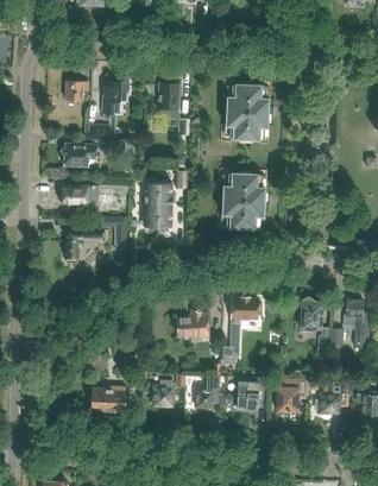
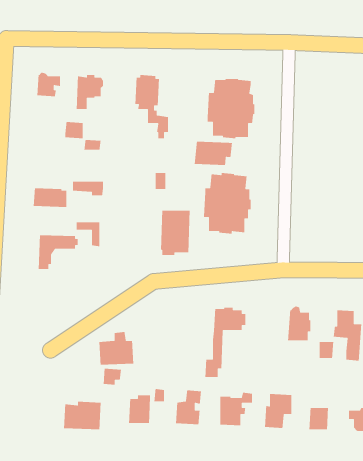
building: [61,141,97,165] -> none
building: none -> [194,141,233,166]
building: [144,183,172,226] -> [160,210,191,256]
building: [176,308,209,340] -> [99,331,134,366]

